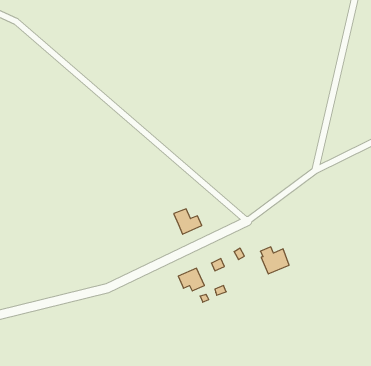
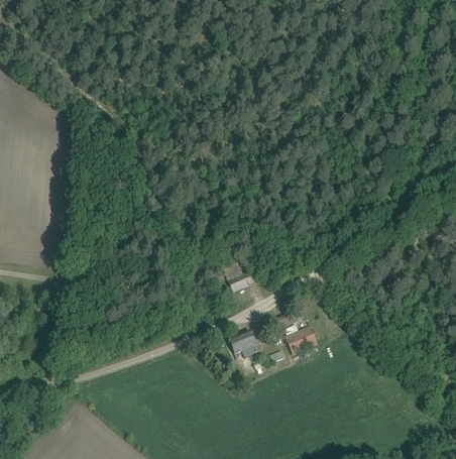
building: [260,247,289,274] -> [284,323,318,354]

